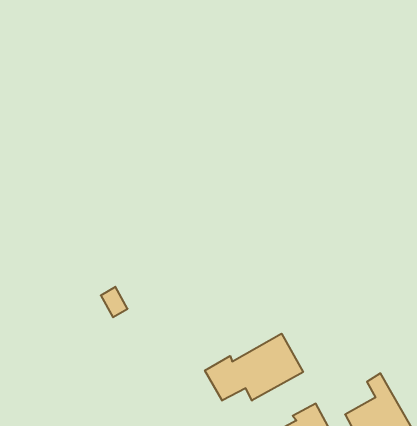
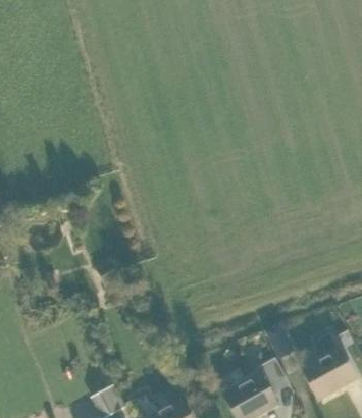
building: [205,334,303,401] -> none

